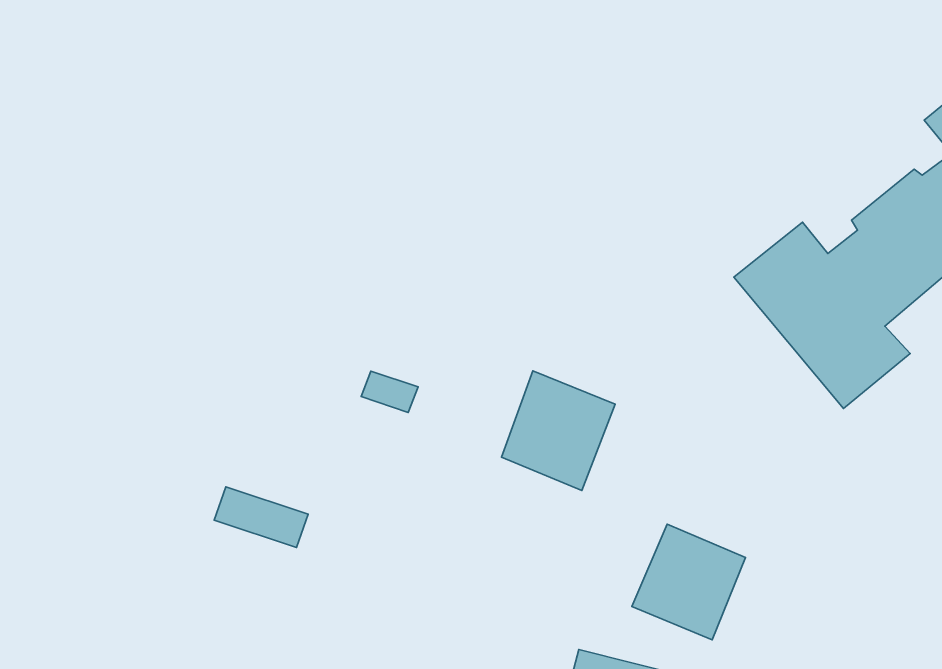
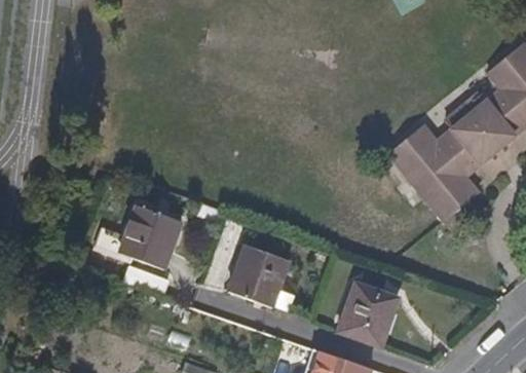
building: [501,371,615,491] -> [228,248,288,310]
building: none -> [119,203,182,268]

